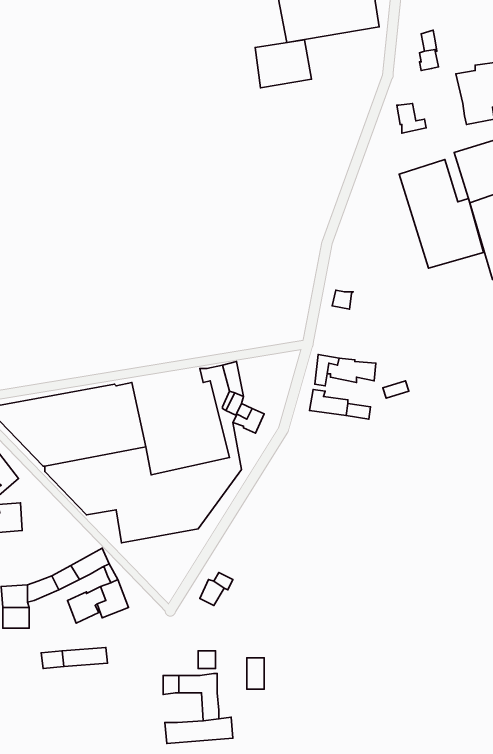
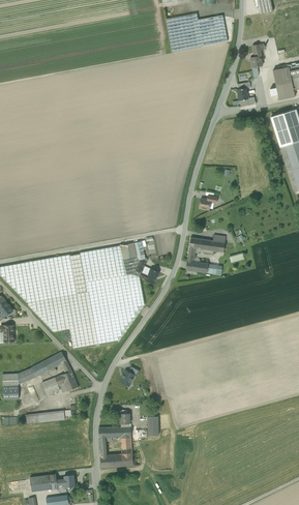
building: [255,40,312,88] -> none
building: [399,159,484,268] -> none
building: none -> [80,244,138,307]

